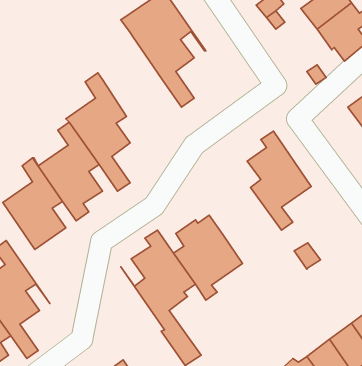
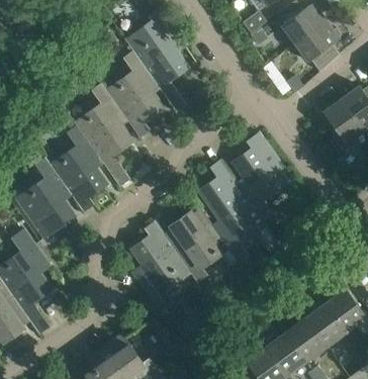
building: none -> [106,50,162,137]
building: none -> [200,159,266,263]

